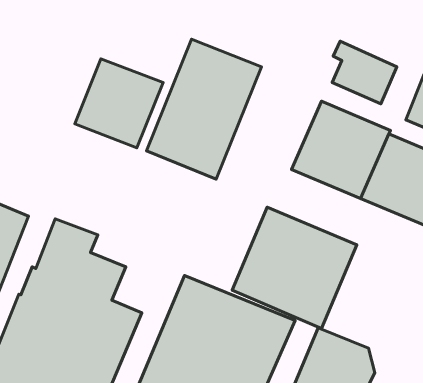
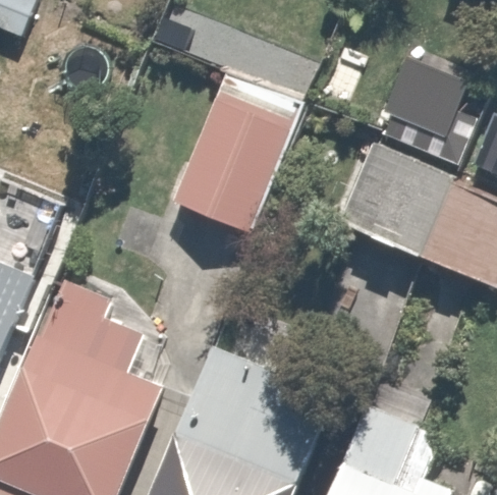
building: [75,59,163,148] -> none
building: [232,207,357,329] -> none

